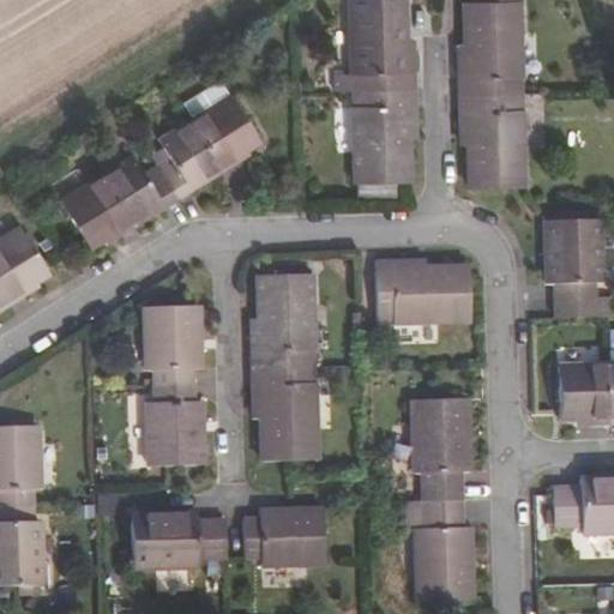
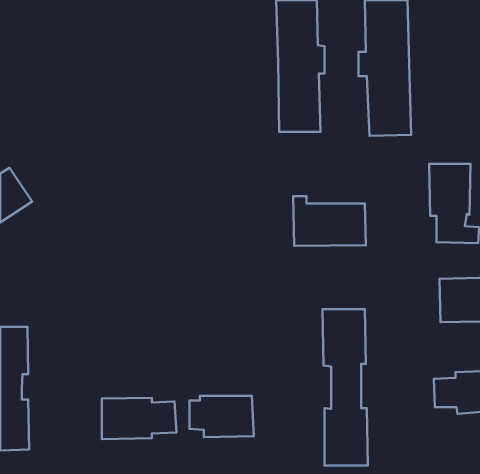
building: [59,90,257,241] -> none
building: [253,275,317,458] -> none
building: [146,305,200,463] -> none

